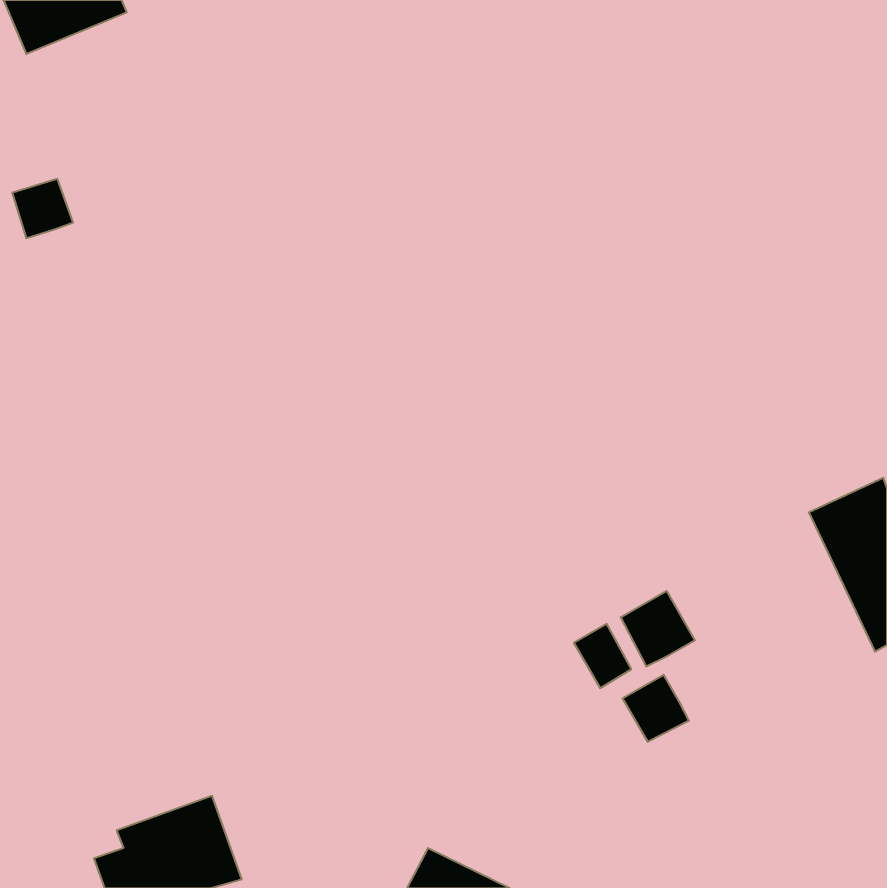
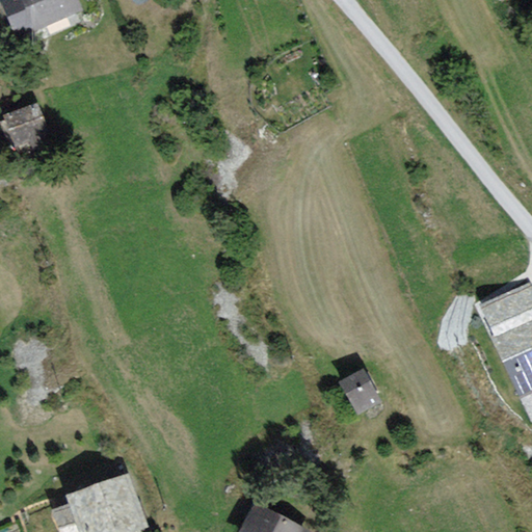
building: [621,591,695,667] -> none
building: [623,675,689,742] -> none

